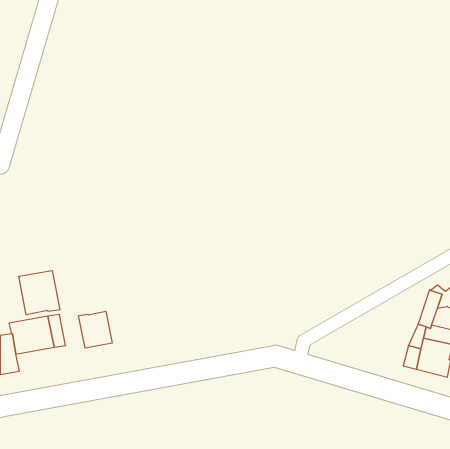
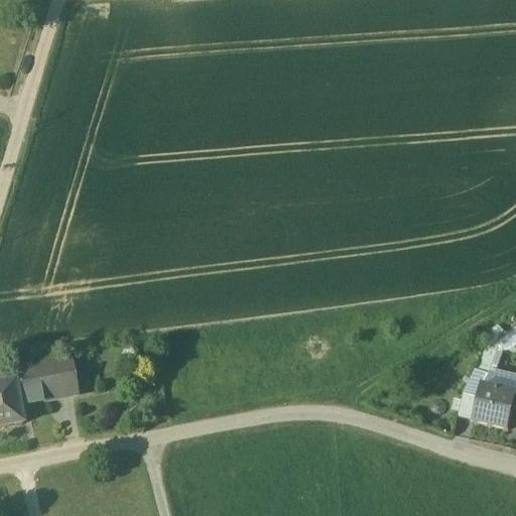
building: [19,271,60,315] -> none
building: [79,311,112,348] -> none

